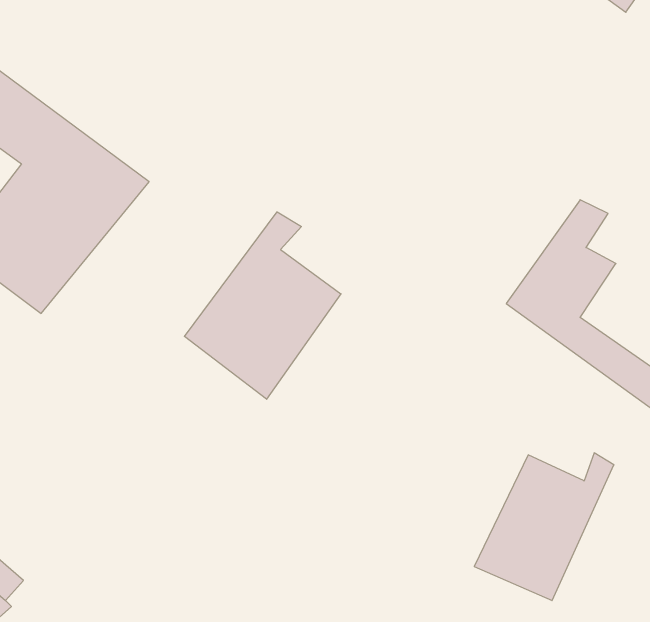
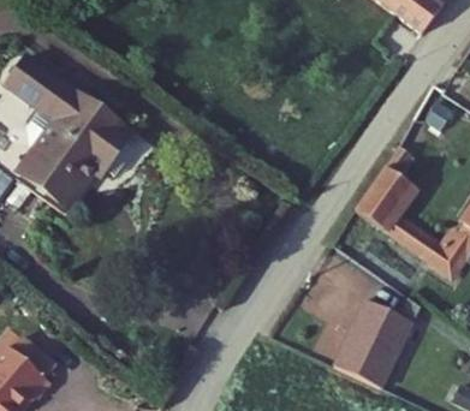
building: [184,212,341,399] -> none

